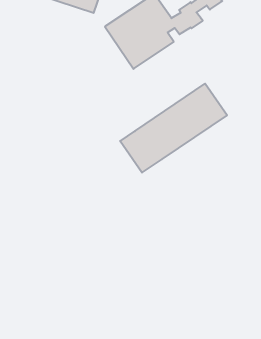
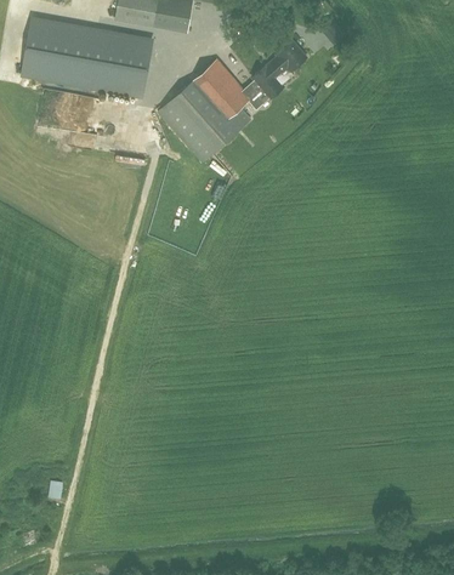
building: [120,84,227,173] -> none

